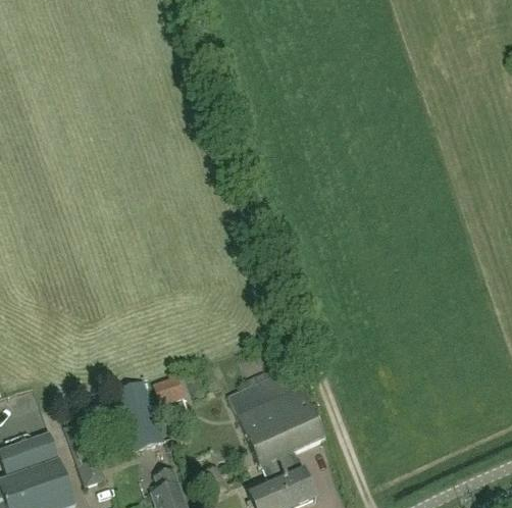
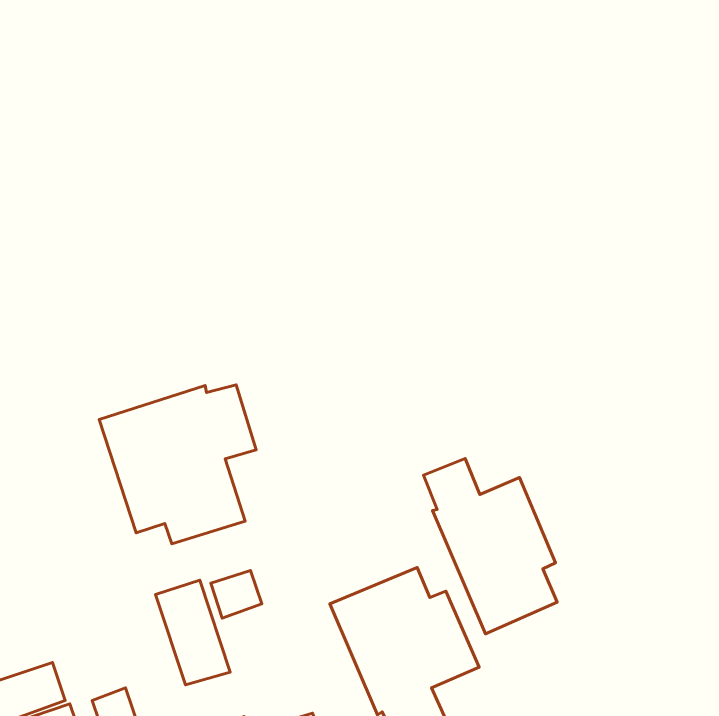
building: none -> [99,385,256,544]
building: none -> [424,459,557,634]

